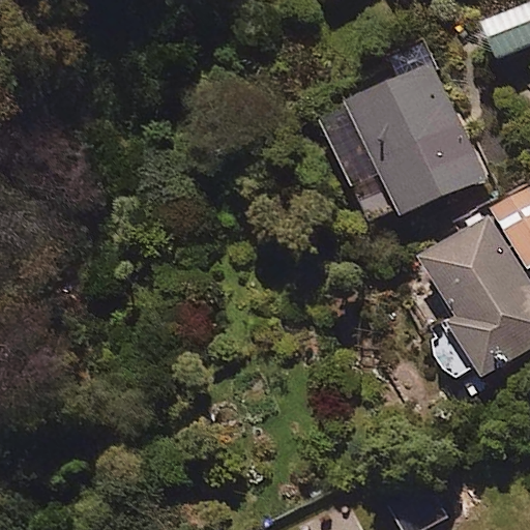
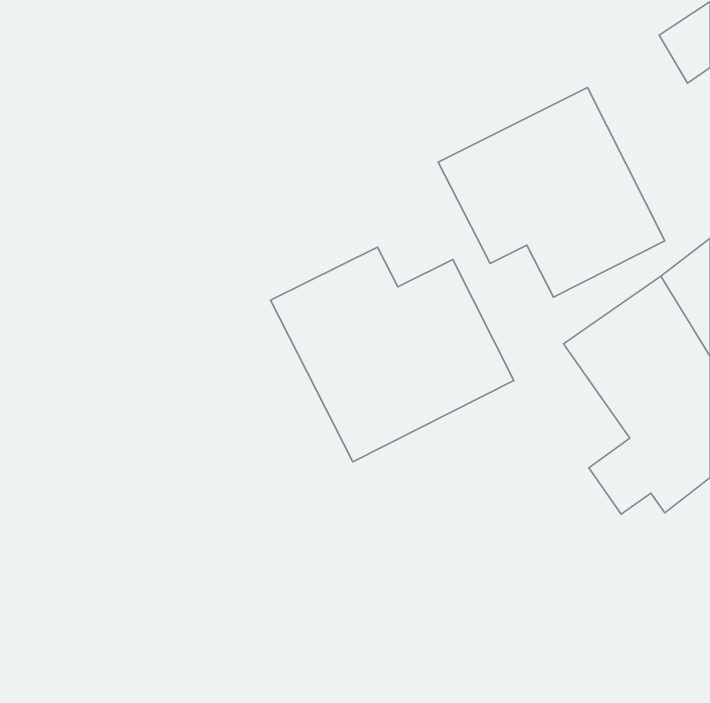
building: none -> [270,247,514,462]

